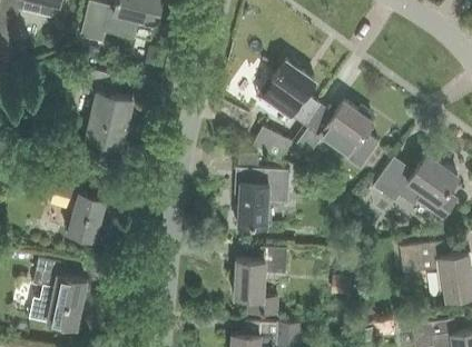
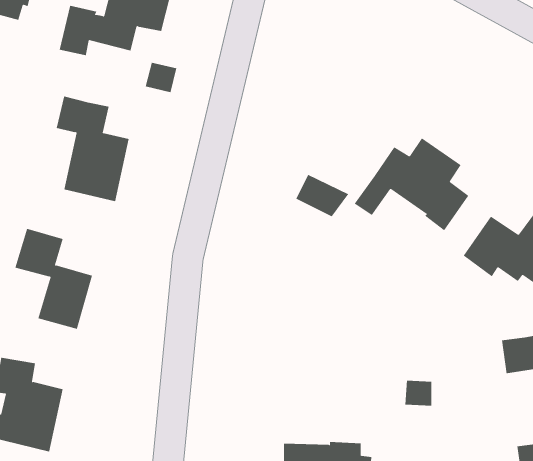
building: [271,60,324,129] -> none
building: [235,153,291,226] -> none
building: [234,249,287,315] -> none

